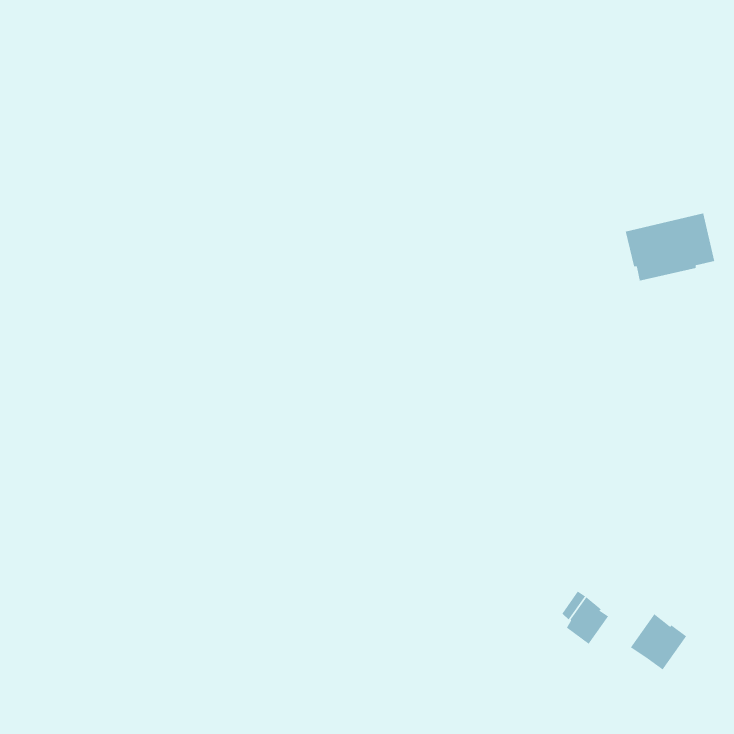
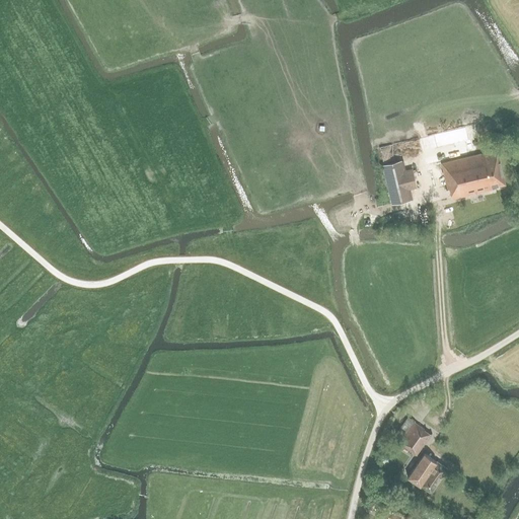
building: none -> [383,161,416,204]
building: [630,613,687,671] -> [407,453,448,494]

